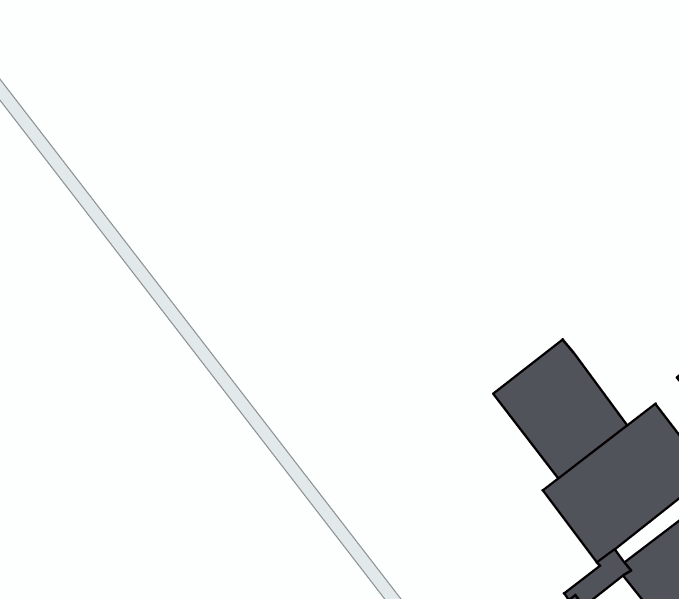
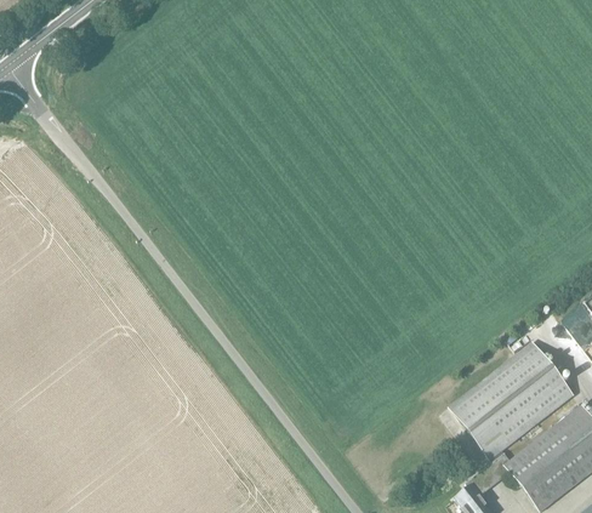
building: [493,339,627,478] -> none

